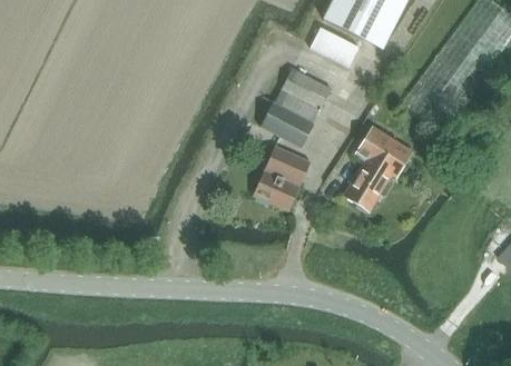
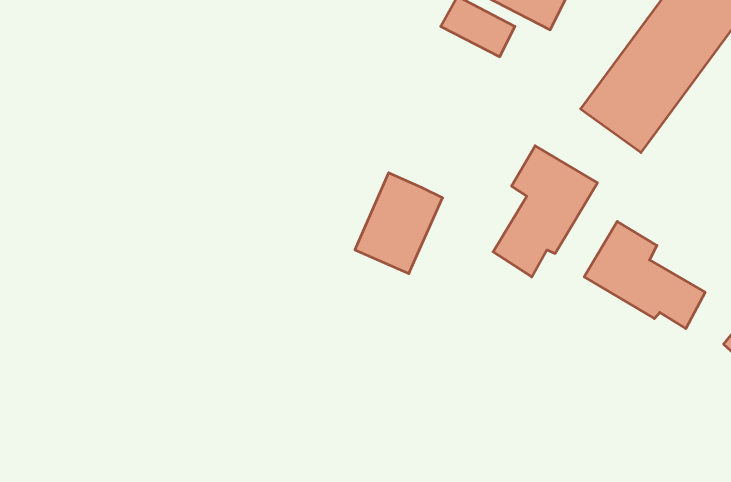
building: [261,68,332,149] -> none
building: none -> [584,221,705,329]

